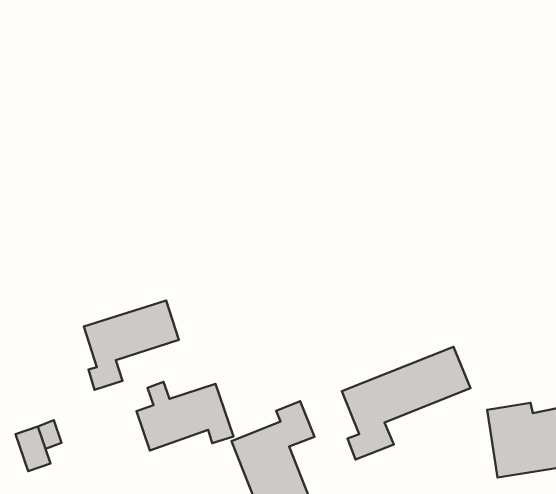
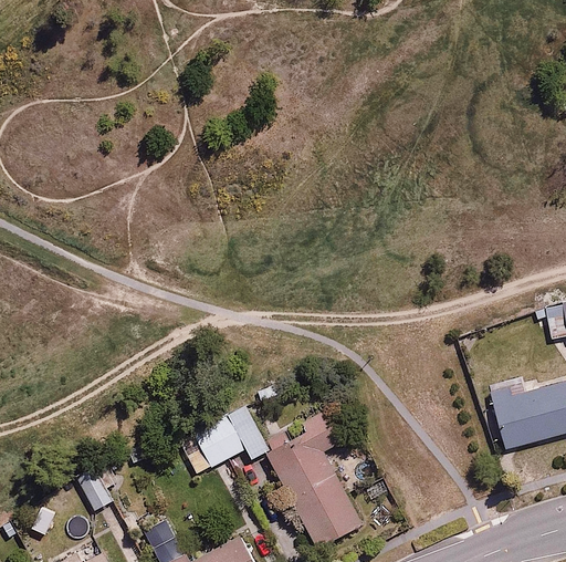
building: [84,301,179,390] -> none
building: [342,347,471,460] -> none

